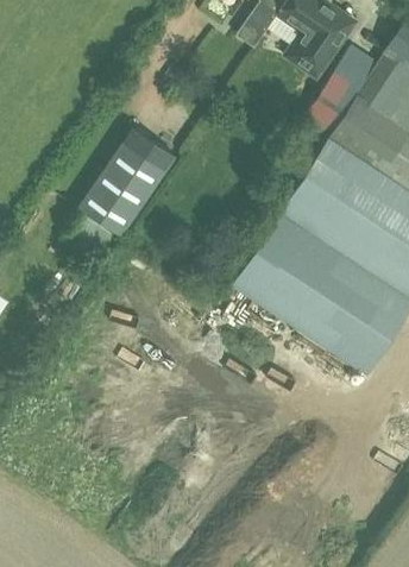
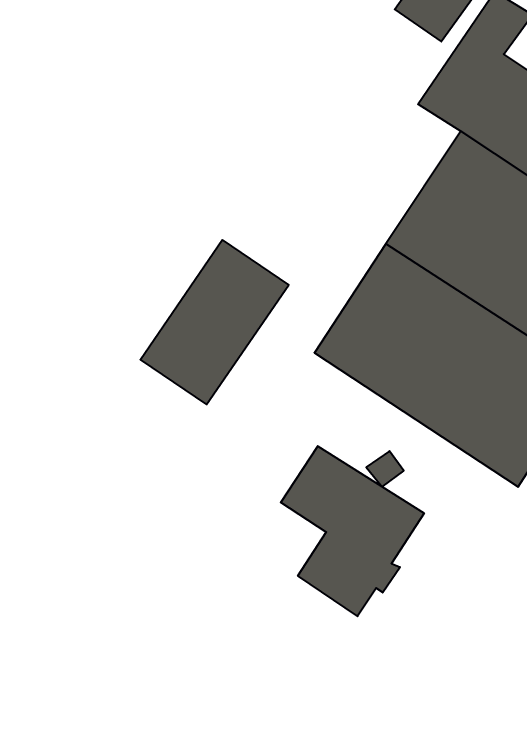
building: [77,128,176,238] -> [140,240,289,404]
building: none -> [281,446,424,616]

